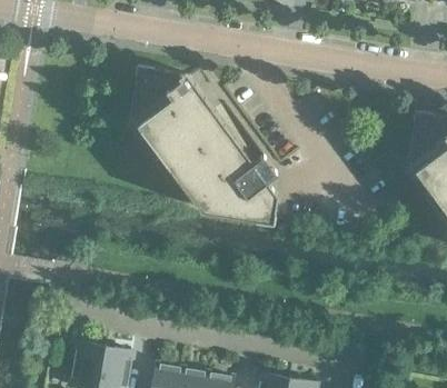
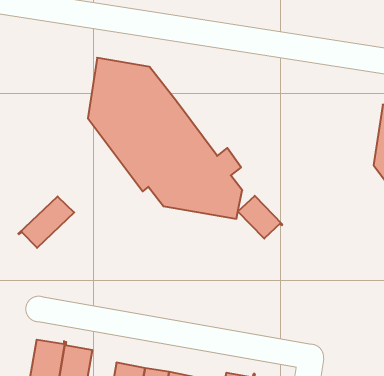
building: none -> [238,196,282,239]
building: none -> [18,196,74,248]

